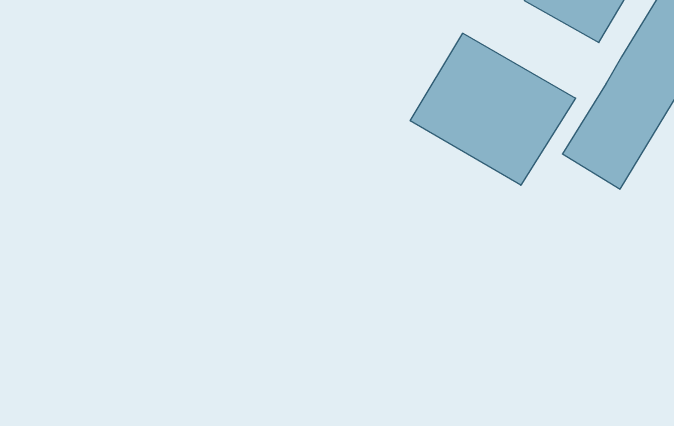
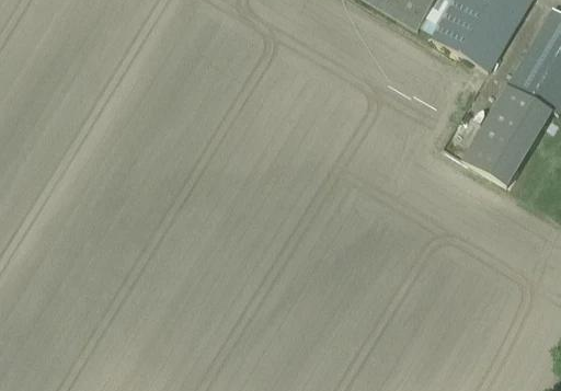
building: [410,33,576,185] -> none

